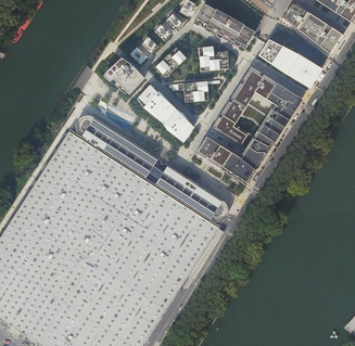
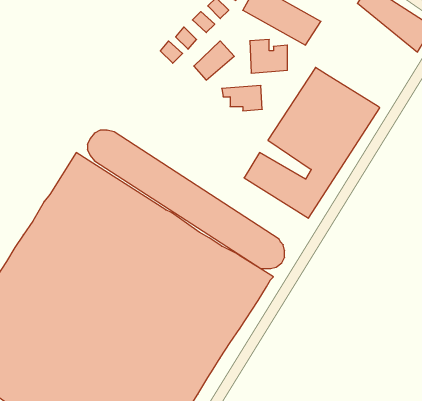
building: [258,38,320,87] -> none
building: [105,56,144,93] -> none
building: [135,82,193,143] -> none

